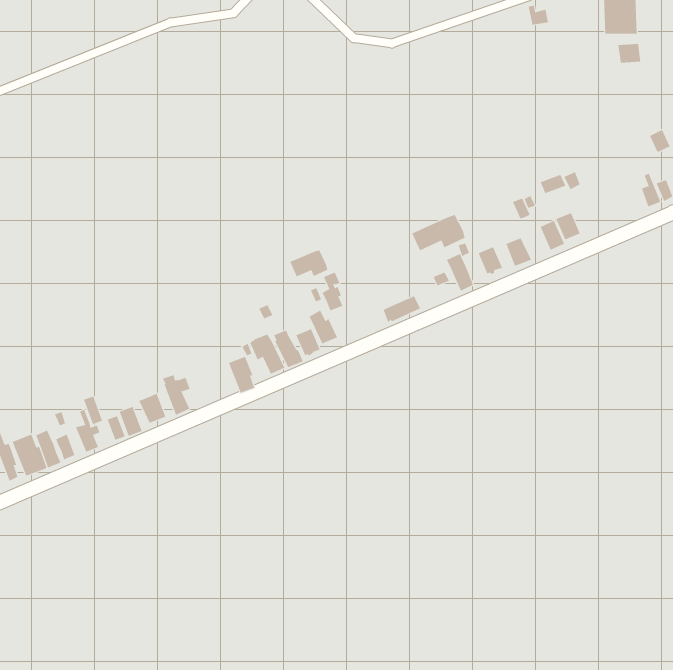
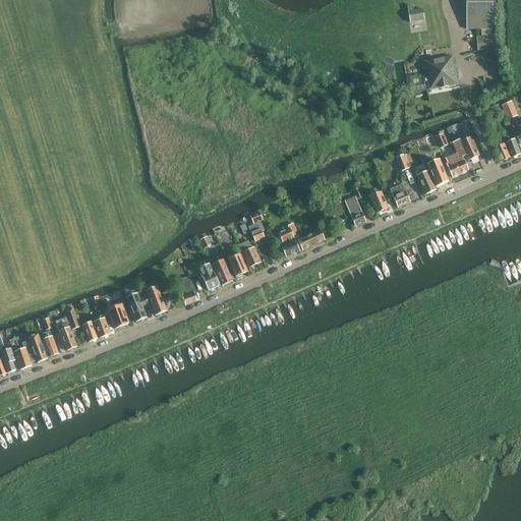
building: none -> [423,54,458,89]
building: none -> [445,135,478,175]
building: [411,214,465,251] -> none
building: [290,250,328,277] -> none
building: none -> [278,222,299,255]
building: none -> [146,283,174,313]

